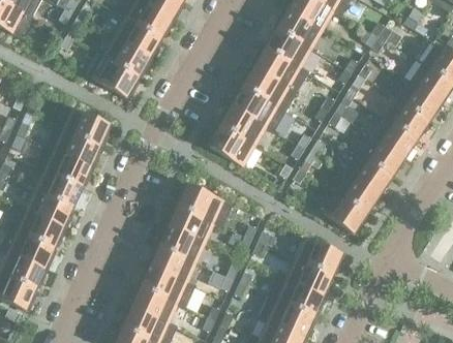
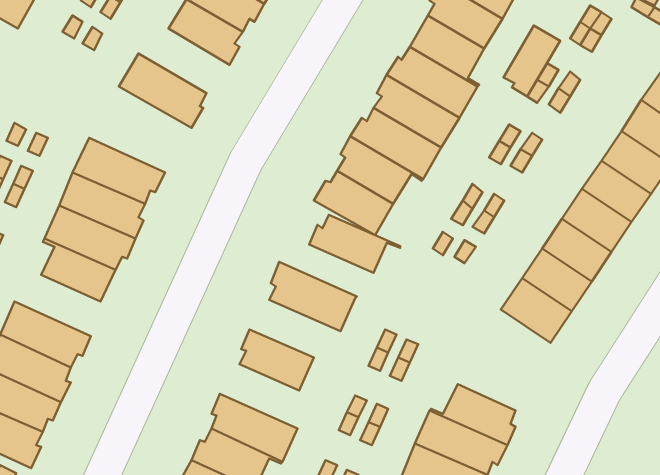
building: none -> [504,26,560,97]
building: [96,36,153,76] -> none
building: [19,190,72,228] -> none
building: [165,206,222,242] -> [309,215,400,273]
building: [296,237,345,275] -> none
building: [147,246,197,286] -> none

